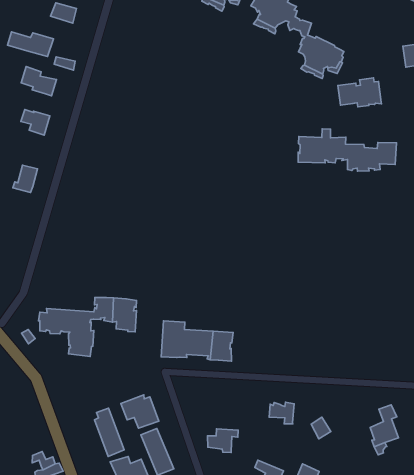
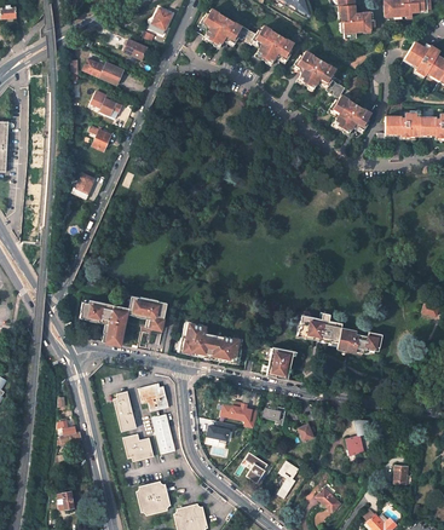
building: [338,78,381,107] -> [385,114,420,137]
building: [298,129,396,171] -> [295,312,381,353]
building: none -> [266,346,293,379]
building: none -> [220,403,258,428]

